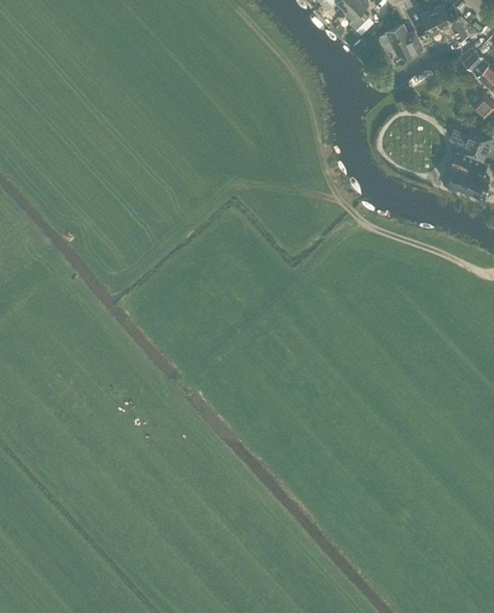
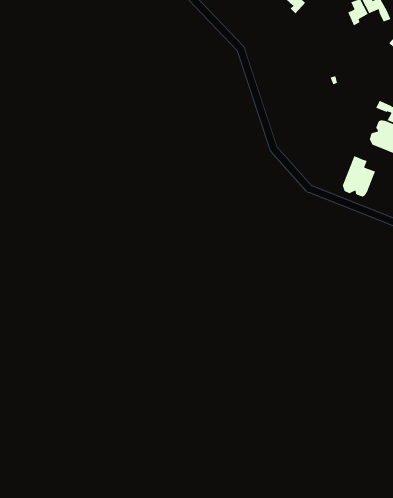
building: [378,24,421,59] -> none
building: none -> [342,155,376,197]

